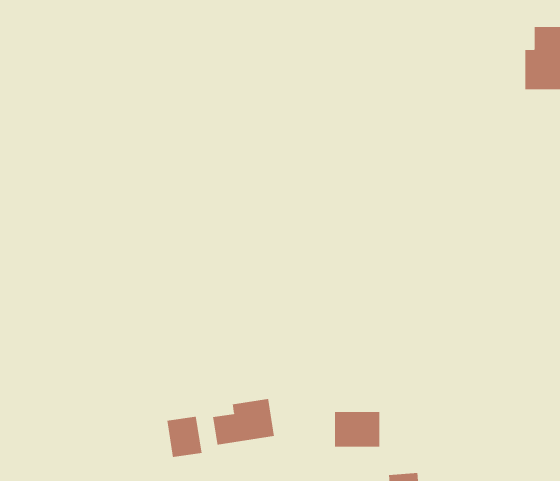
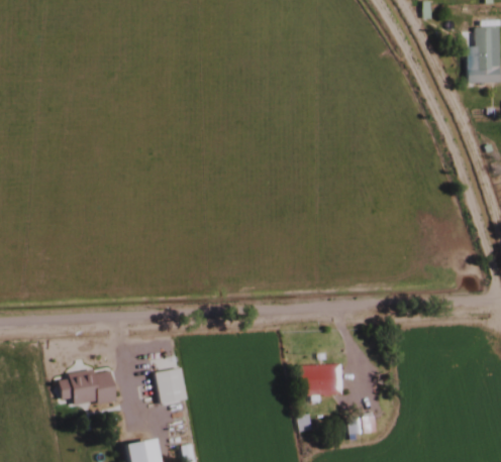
building: [213,398,275,445] -> none
building: none -> [58,369,115,407]

